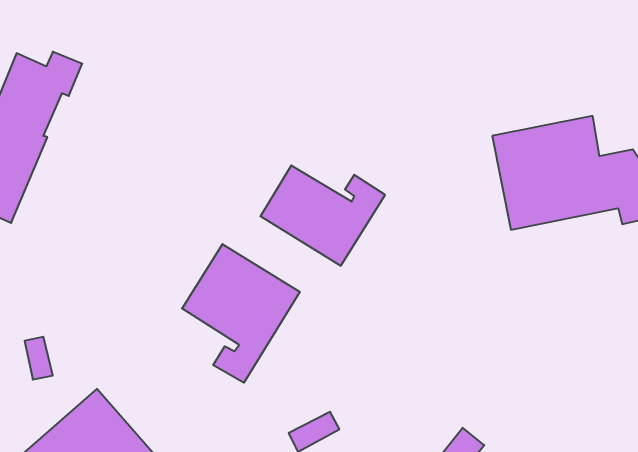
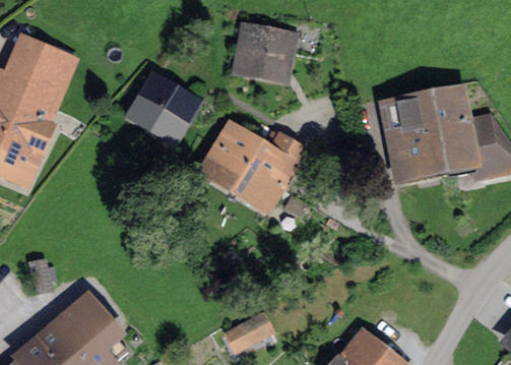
building: none -> [240,33,294,74]
building: none -> [129,82,189,135]
building: [182,244,300,383] -> none

